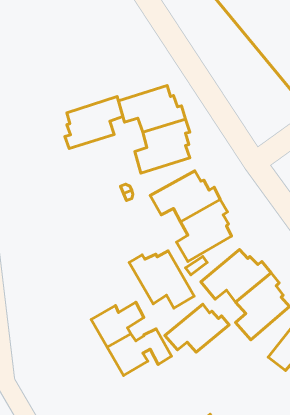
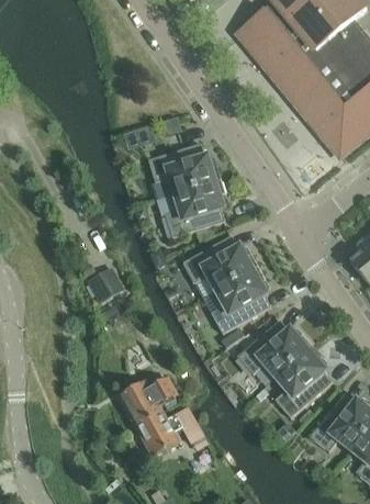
building: [65,97,123,148] -> none
building: none -> [88,268,123,303]
building: [129,251,194,308] -> none
building: [165,304,229,352] -> none

